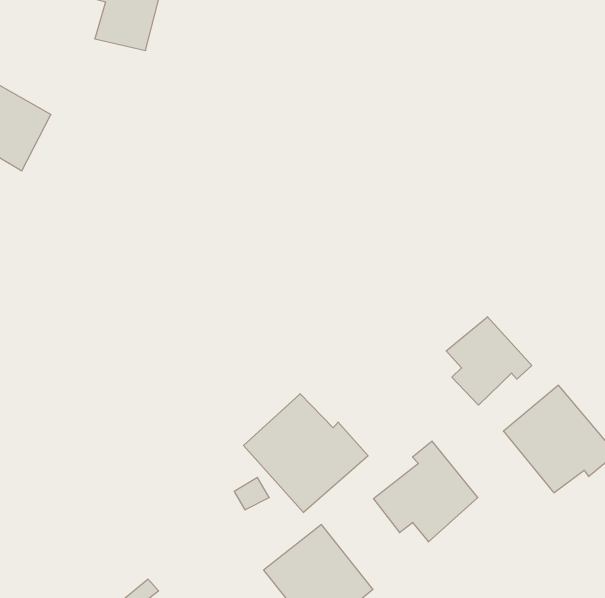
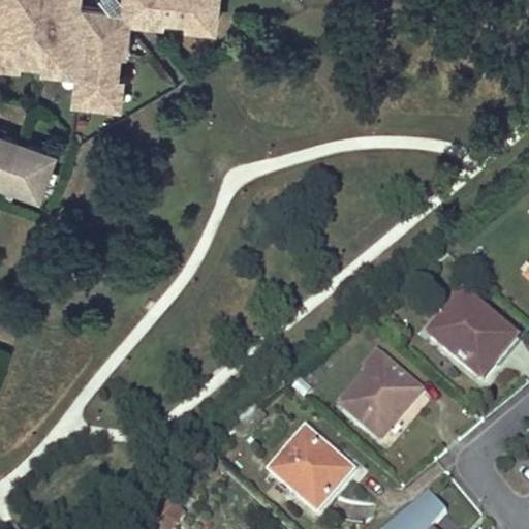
building: [446,317,532,405] -> none
building: [244,394,368,513] -> none

